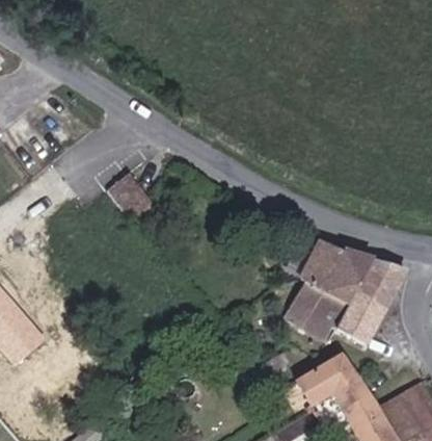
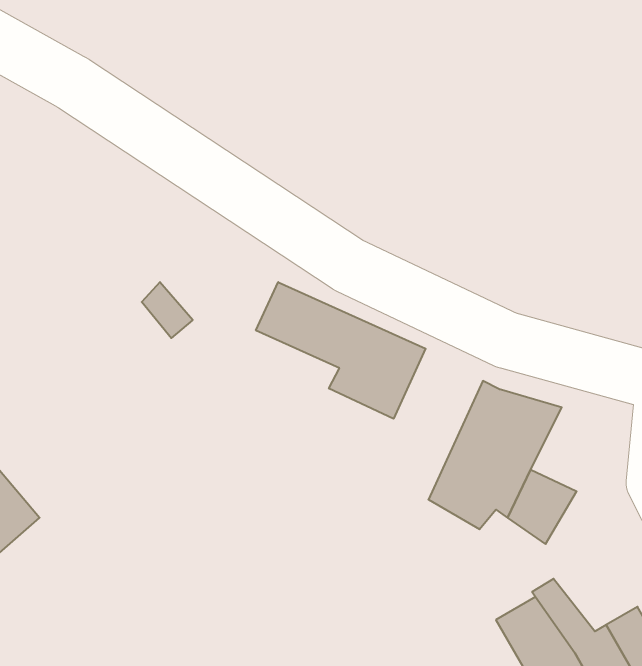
building: none -> [256,282,426,419]
building: [352,259,405,312] -> none
building: [296,358,355,406] -> none

